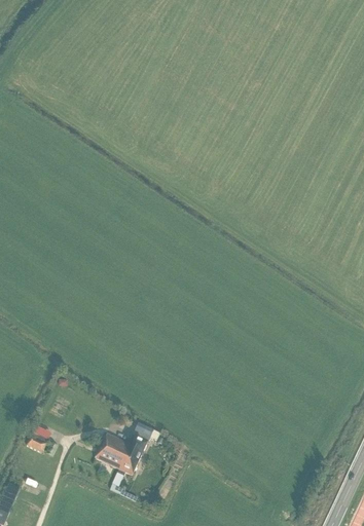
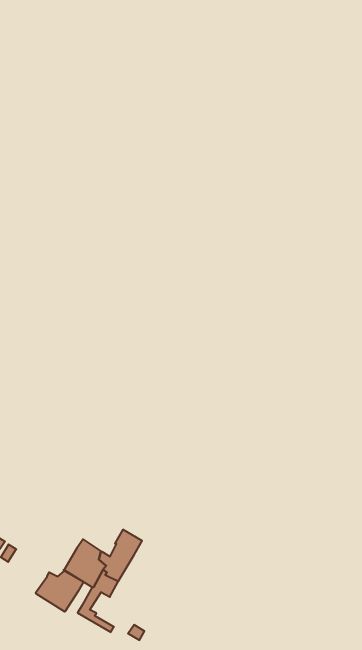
building: none -> [36,570,83,612]

